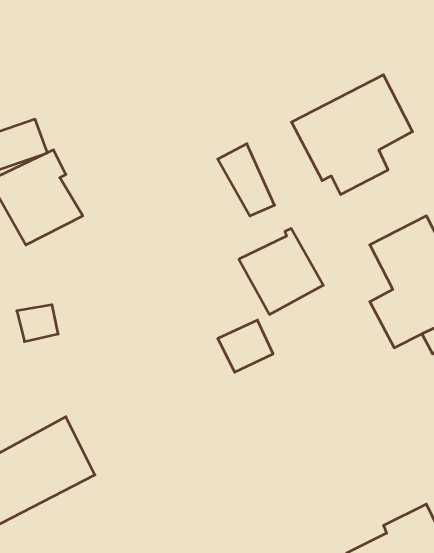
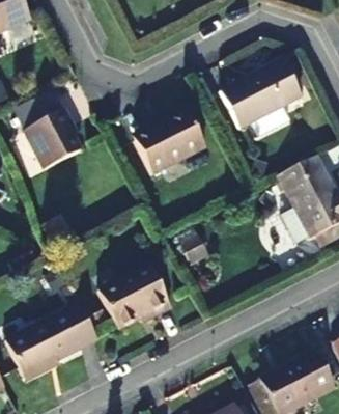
building: [239,229,323,314] -> [140,118,197,176]
building: none -> [93,259,168,324]

